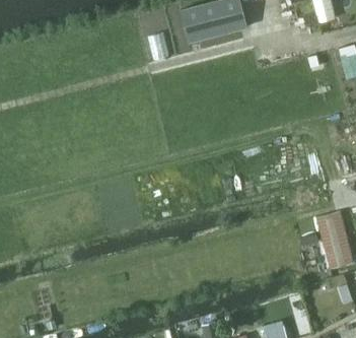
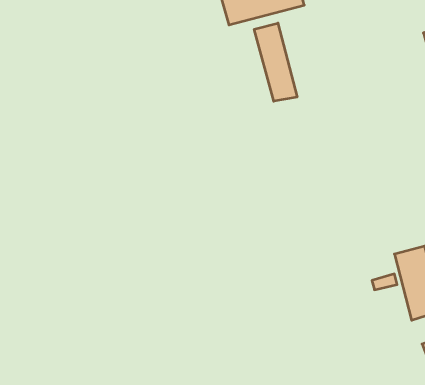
building: none -> [254,23,297,101]

